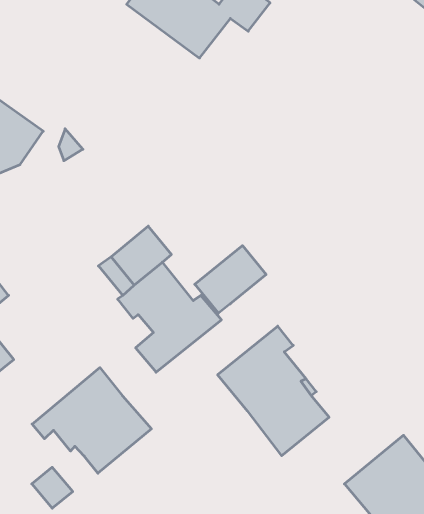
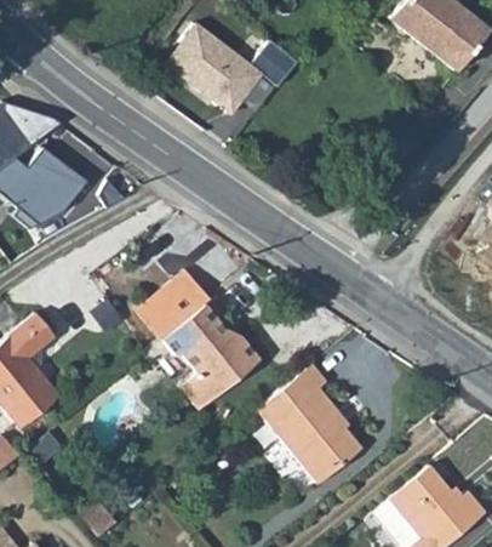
building: [195,246,266,313] -> none
building: [32,368,151,473] -> none

